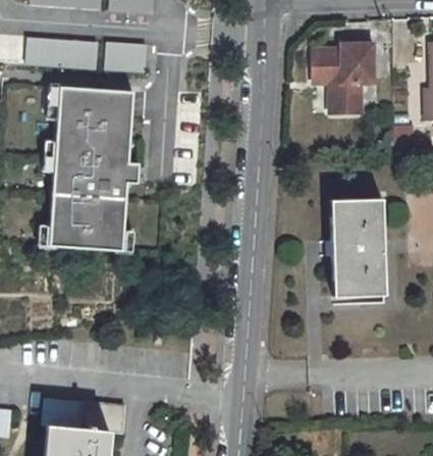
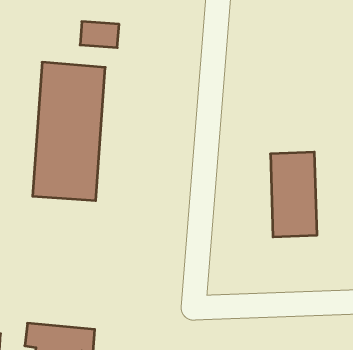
building: [25,38,99,71] -> none
building: [312,44,371,111] -> none

